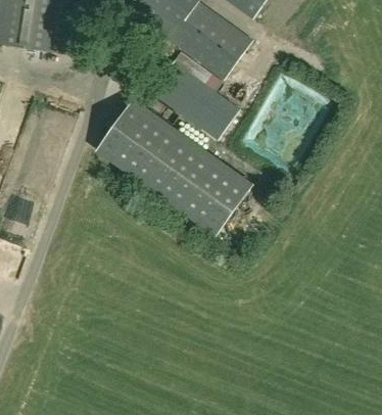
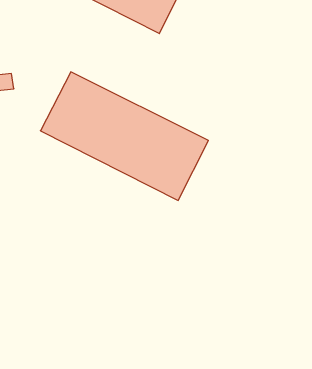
building: [151,52,239,139] -> none

